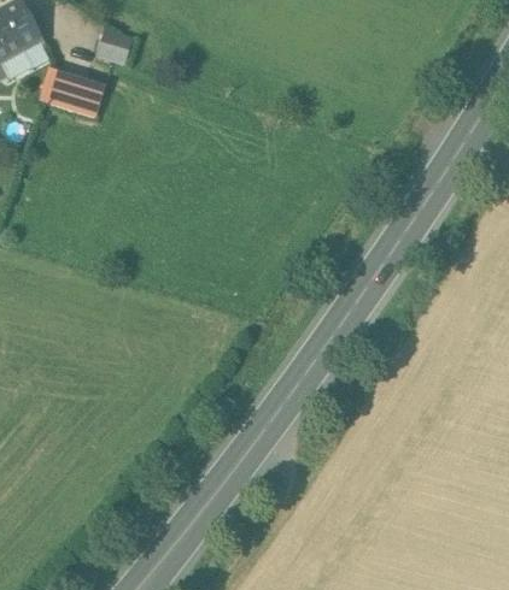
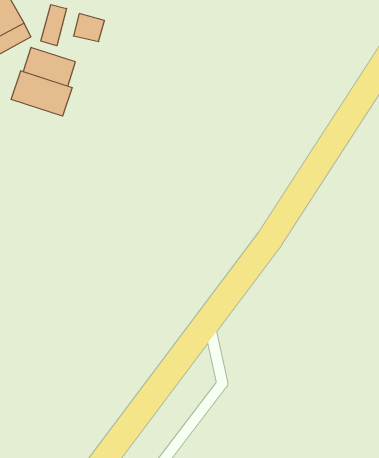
building: none -> [41,5,67,46]
building: none -> [11,71,72,116]

